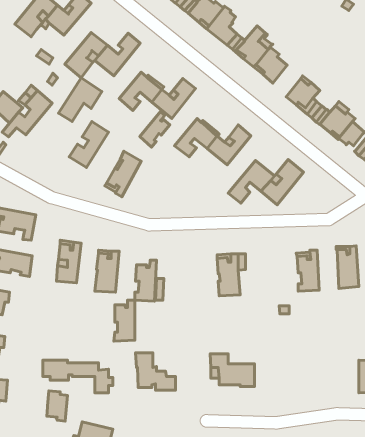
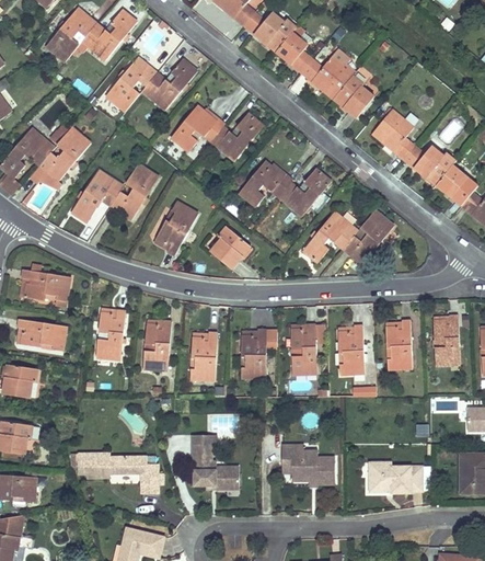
building: [58,78,102,121] -> [71,170,124,222]
building: [140,111,170,147] -> none
building: none -> [209,226,250,268]
building: none -> [337,325,365,375]
building: [114,300,135,341] -> [240,330,265,379]
building: none -> [369,460,422,491]
building: [47,391,67,421] -> none

